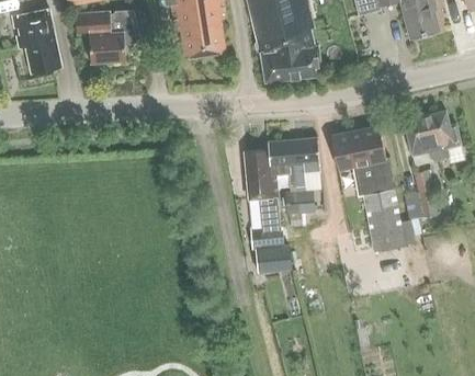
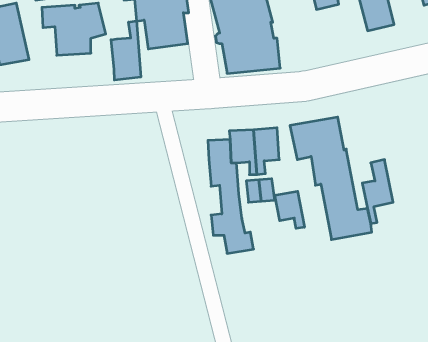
building: none -> [111,21,141,80]
building: [404,111,460,160] -> none
building: none -> [275,191,304,228]

